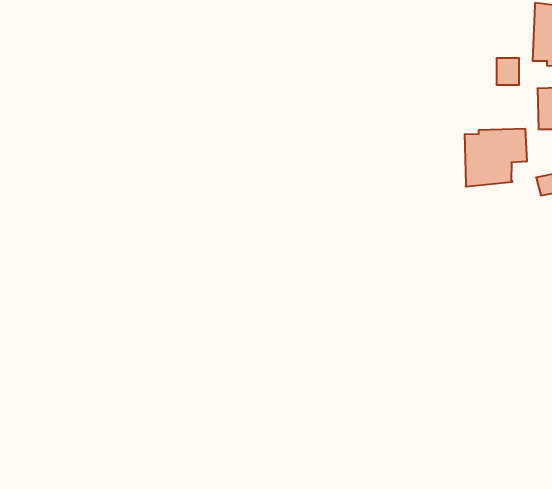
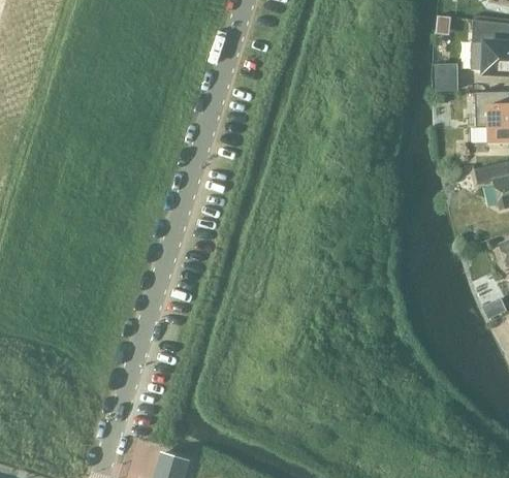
building: [465,129,527,187] -> none

